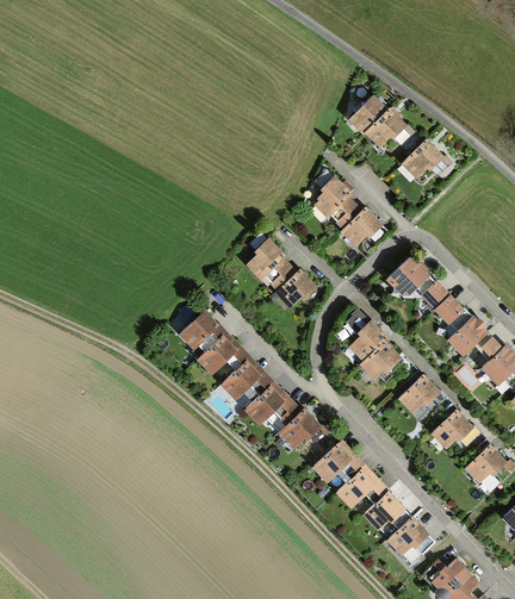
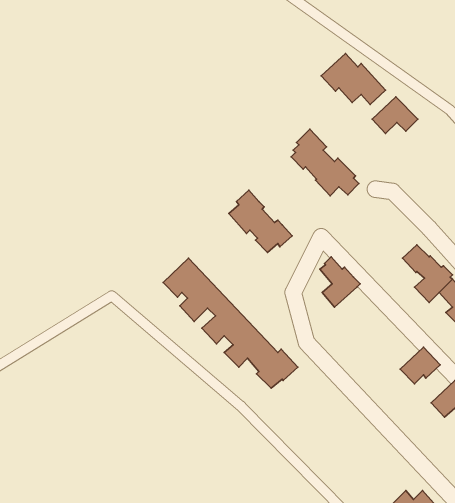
building: [385,255,449,311] -> none
building: [359,342,402,382] -> none
building: [397,372,440,411] -> none
building: [312,442,434,557] -> none

